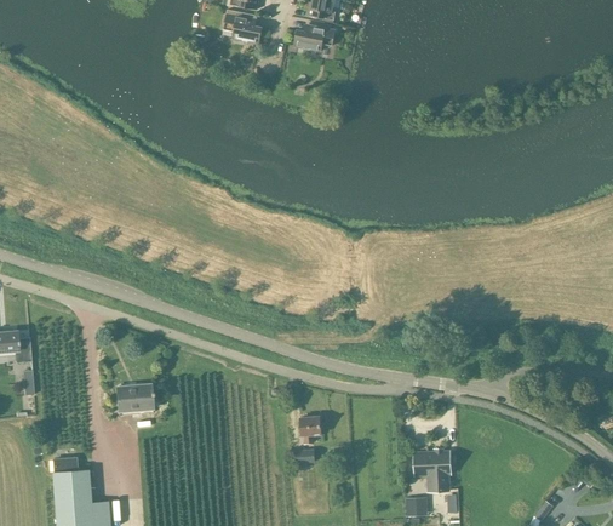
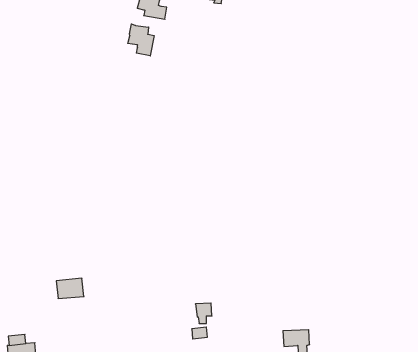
building: [294,24,337,50] -> none
building: none -> [128,24,154,56]

